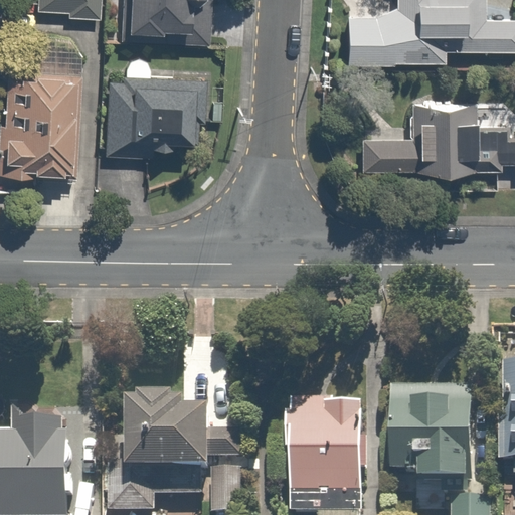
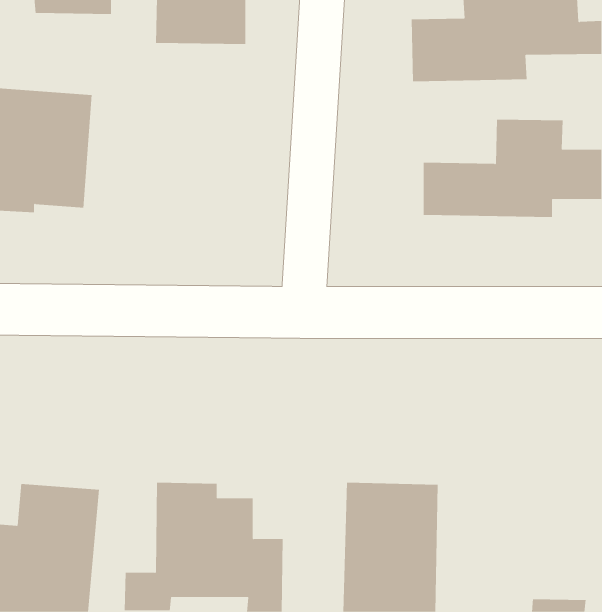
building: [93,73,203,160] -> none
building: [390,394,480,493] -> none

